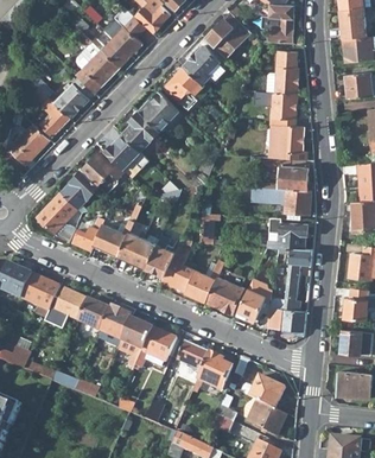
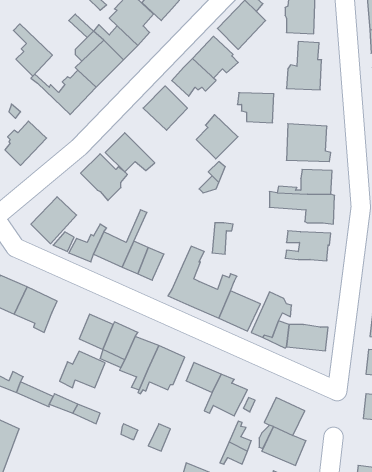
building: [34,88,70,135] -> [13,24,52,76]
building: [265,93,298,120] -> [237,93,274,123]
building: [120,110,158,151] -> [196,115,238,159]
building: [58,170,97,212] -> none
building: [145,234,173,275] -> none
building: [282,248,311,310] -> none
building: [46,287,88,320] -> [60,351,105,388]

